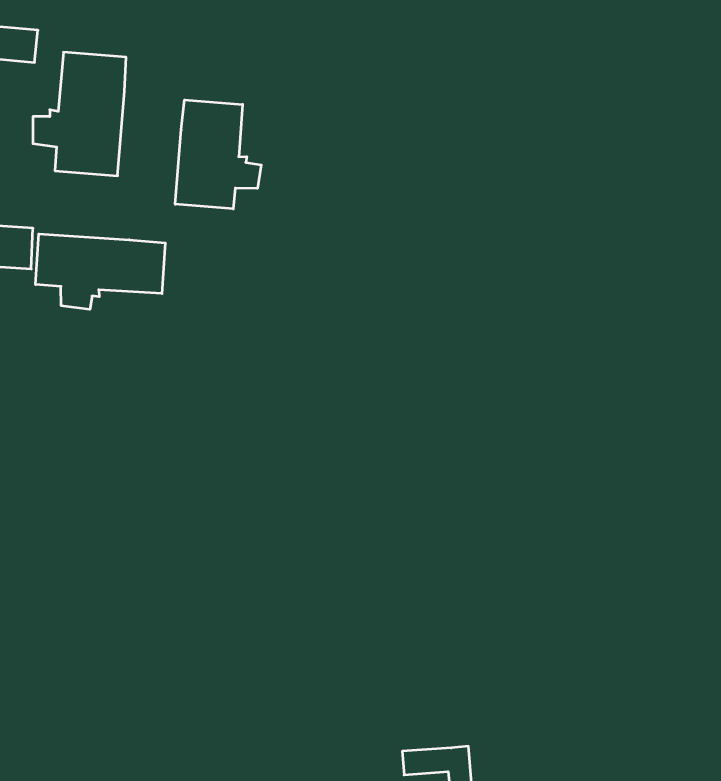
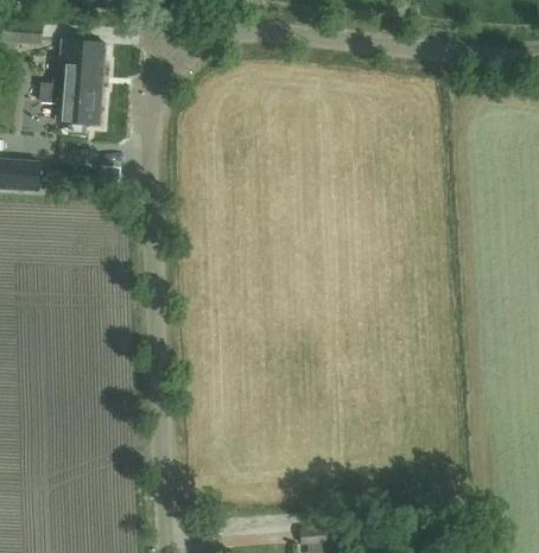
building: [175,100,261,209] -> none
building: [36,234,165,309] -> none

